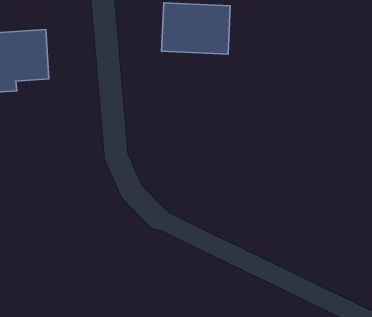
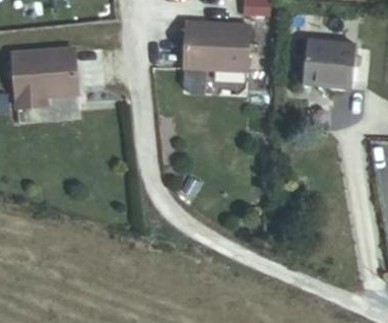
building: none -> [289,49,365,93]

